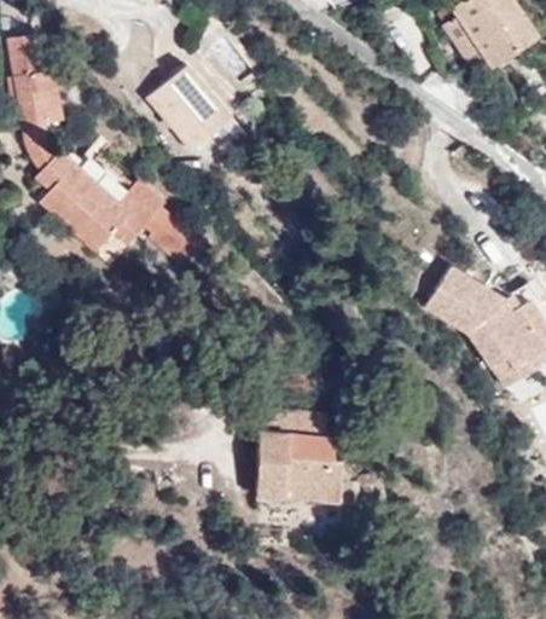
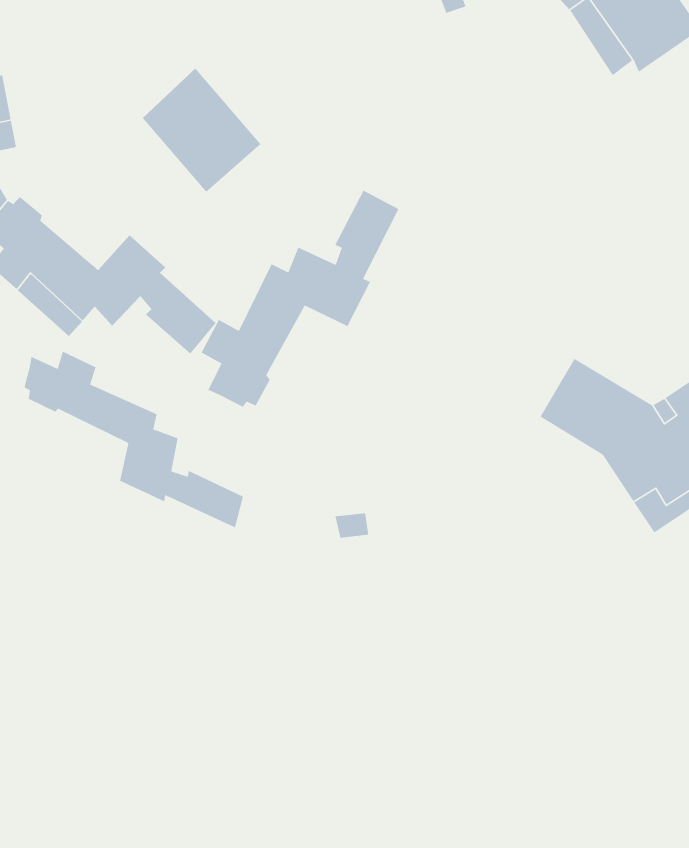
building: none -> [201,189,400,408]
building: none -> [24,351,244,528]
building: [256,410,341,502] -> none

